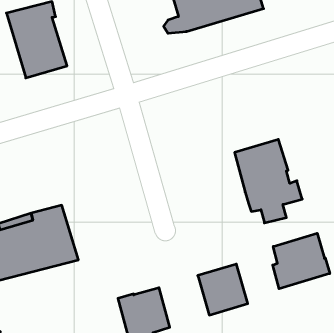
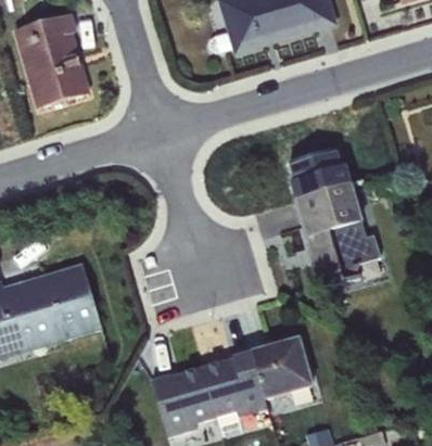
building: none -> [289,148,351,200]
building: [273,233,330,289] -> none
building: none -> [203,352,267,416]

